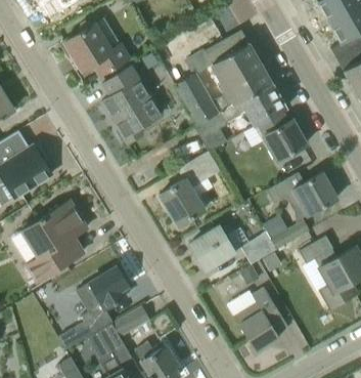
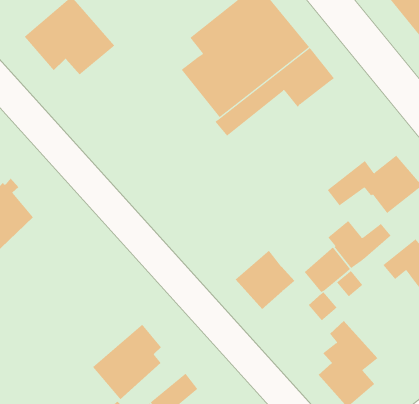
building: [101,67,162,144] -> none
building: [258,112,306,161] -> none
building: [159,153,220,226] -> none
building: [20,201,87,283] -> none

